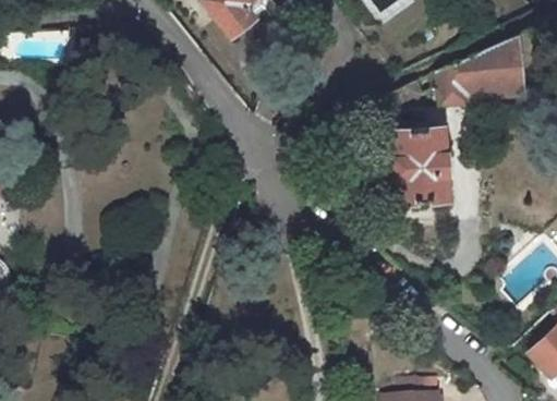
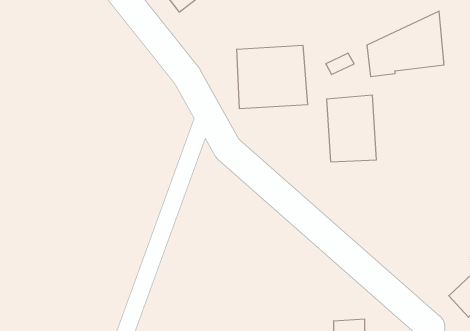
building: none -> [237,45,307,109]

